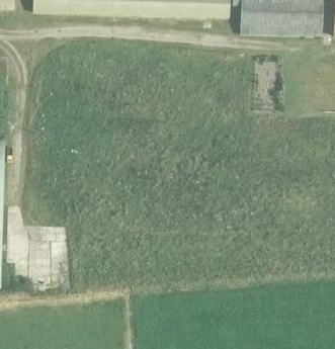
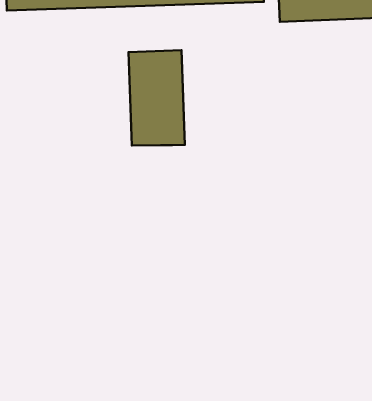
building: none -> [129,50,185,145]

